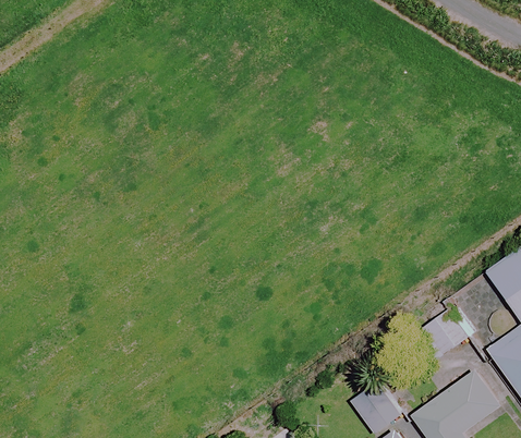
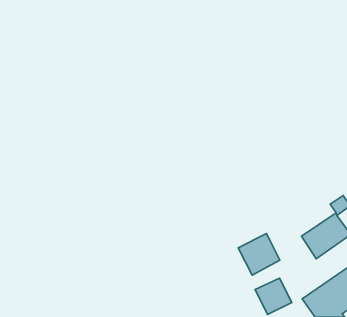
building: none -> [238,233,280,275]

